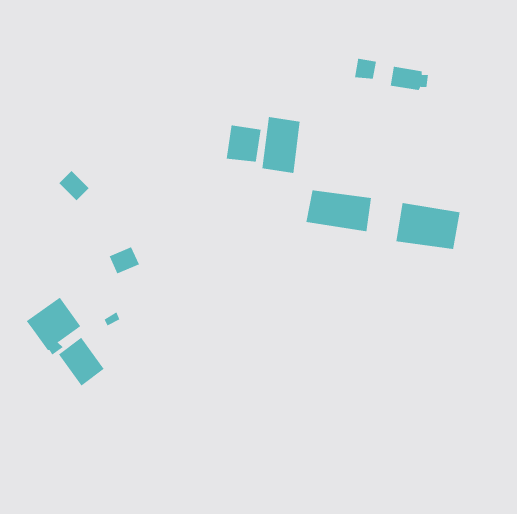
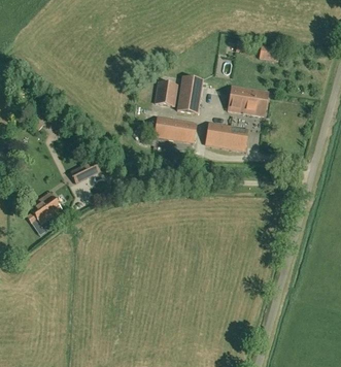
building: none -> [155,118,196,142]
building: [395,202,460,250] -> [227,86,268,115]
building: [58,337,105,386] -> none

